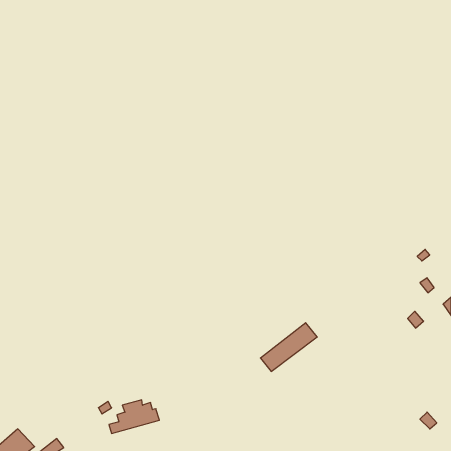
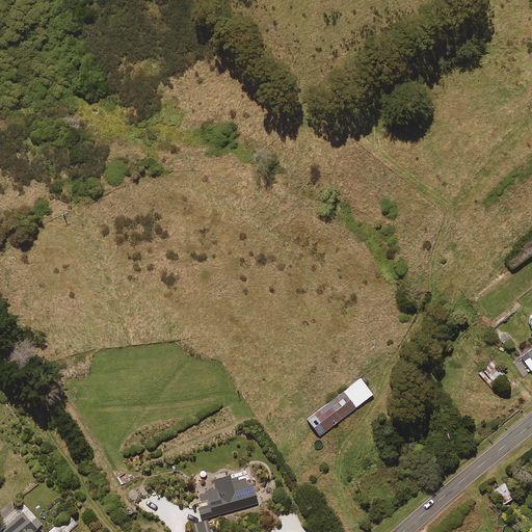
building: [109,400,159,433] -> [195,476,255,515]

